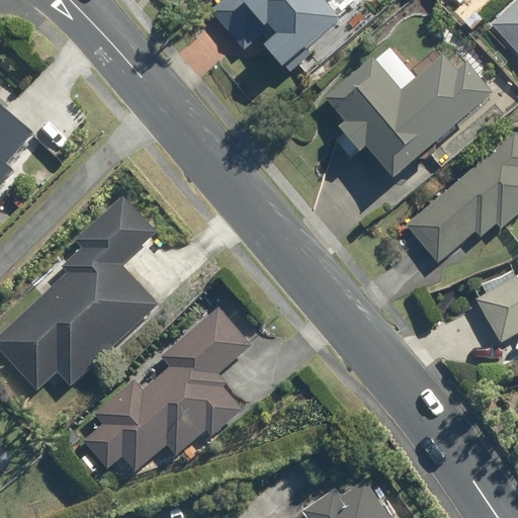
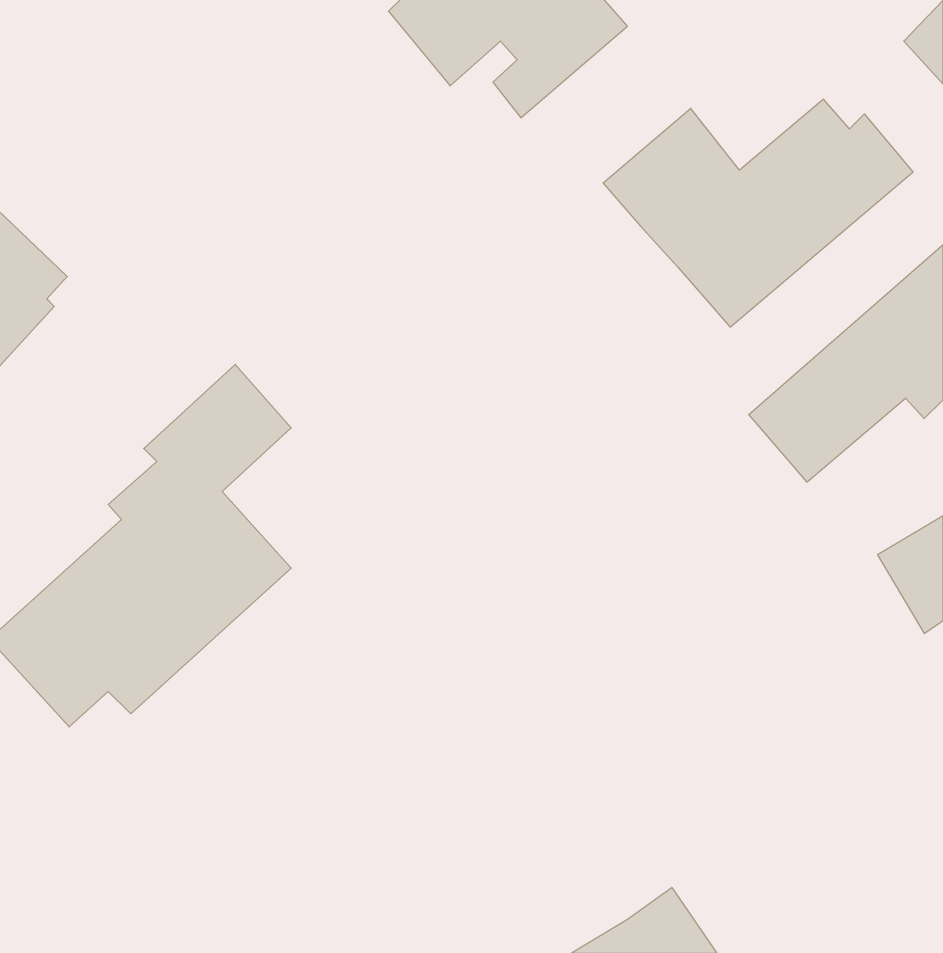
building: [85,313,243,465] -> none

